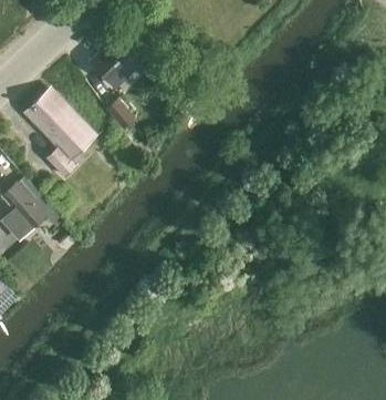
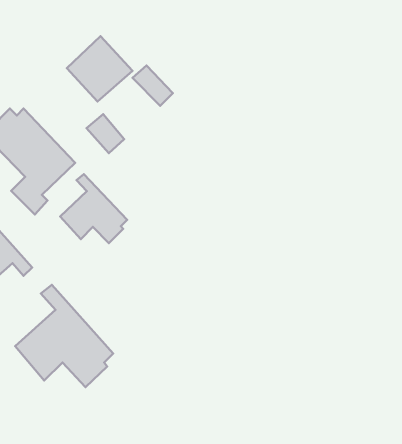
building: none -> [60,174,127,243]
building: none -> [15,285,113,387]

